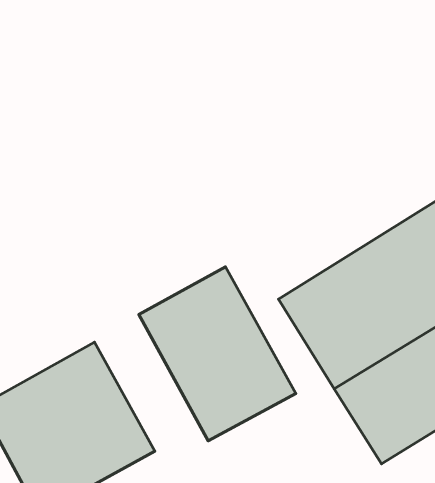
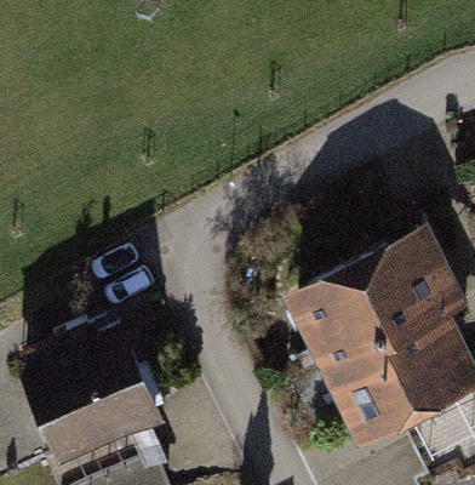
building: [139,267,296,441] -> none

